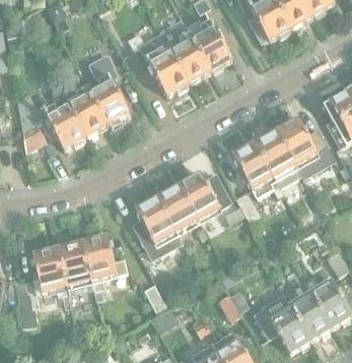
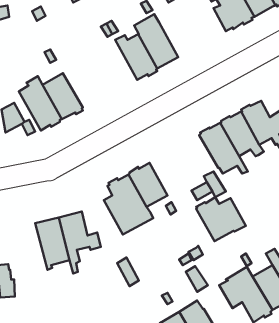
building: [190,17,232,72] -> none
building: [87,55,129,125] -> none
building: [180,172,232,219] -> [196,197,246,241]
building: [32,248,73,308] -> none

